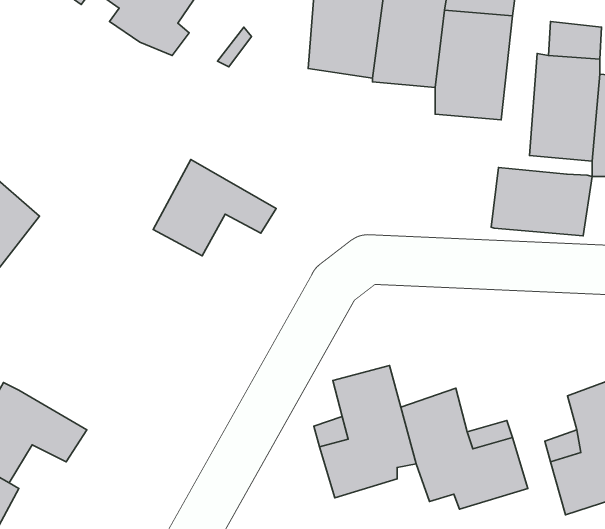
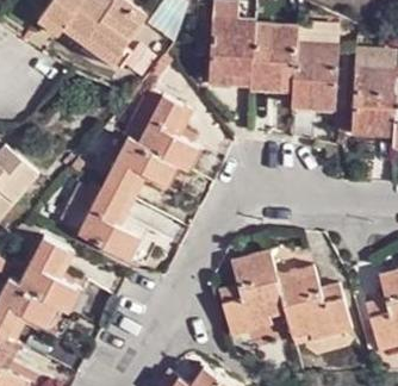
building: none -> [129,85,206,168]
building: [491,168,592,236] -> none
building: none -> [82,176,147,253]
building: none -> [23,231,88,307]

